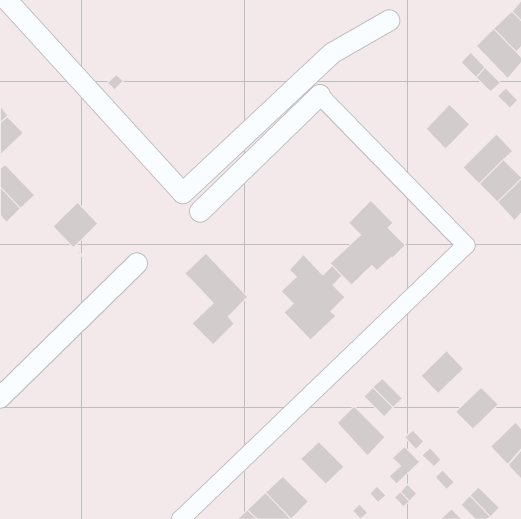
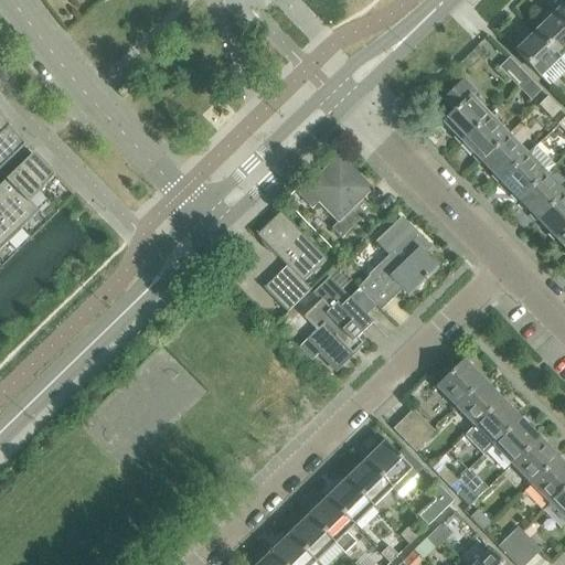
building: none -> [443,77,487,139]
building: none -> [482,135,527,181]
building: none -> [299,153,373,236]
building: [53,202,98,257] -> [7,151,55,211]
building: [185,253,248,345] -> [257,211,326,310]
building: none -> [437,359,483,406]
building: none -> [475,398,521,445]
building: none -> [512,437,558,482]
building: none -> [345,457,392,504]
building: none -> [307,495,356,552]

